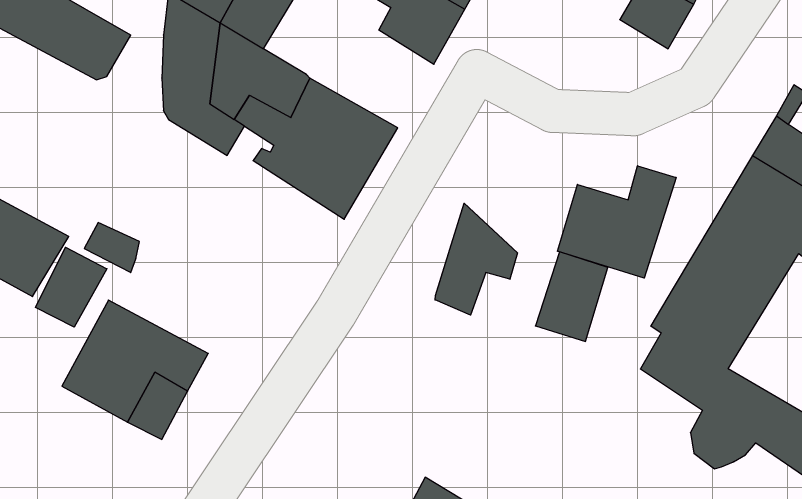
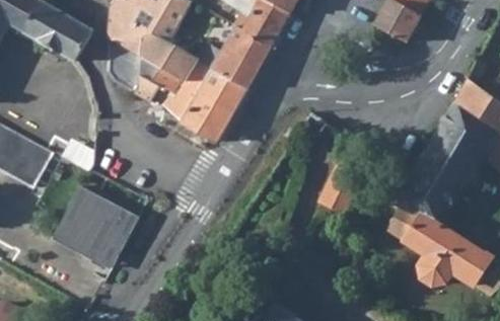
building: none -> [193,29,268,87]
building: [557,166,676,278] -> none
building: [435,203,517,315] -> none
building: [35,247,107,327] -> none

